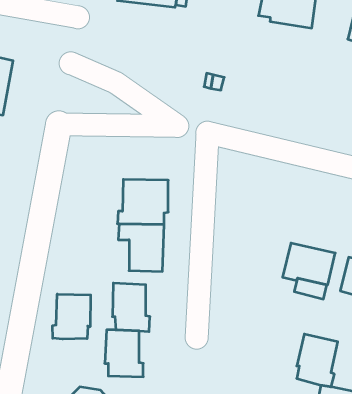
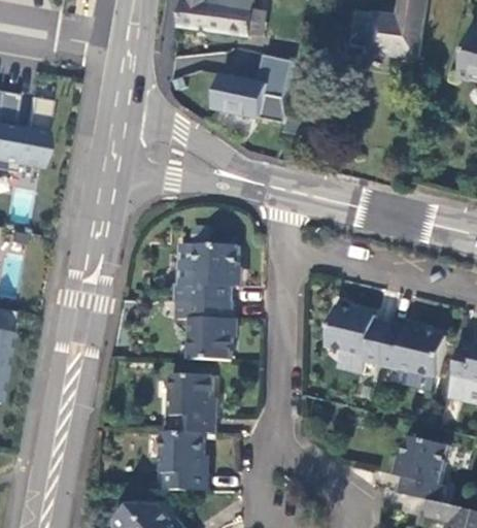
building: none -> [201,52,287,122]
building: none -> [328,307,391,367]
building: [53,294,91,339] -> none

